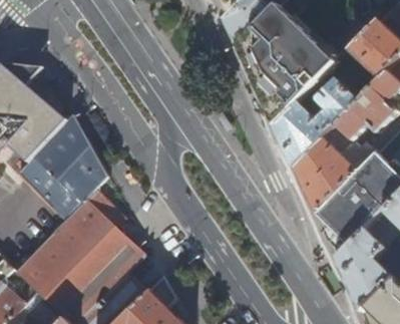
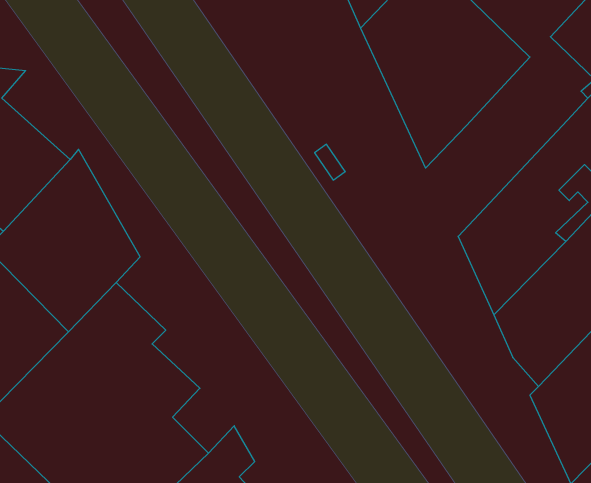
building: [276,77,359,167] -> none

